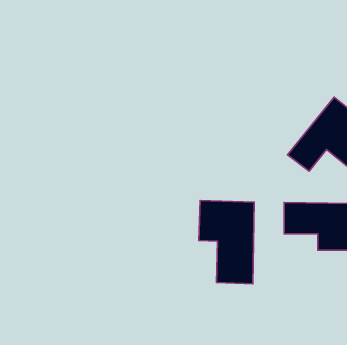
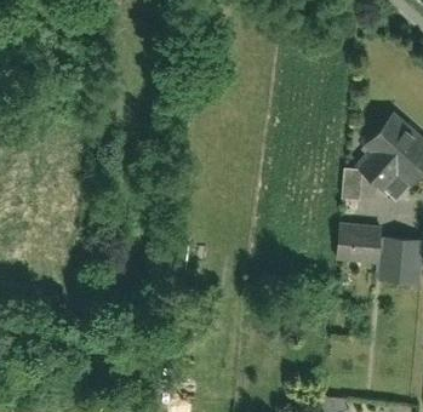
building: [199,200,254,284] -> none

